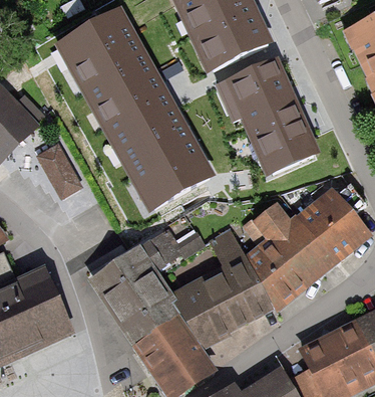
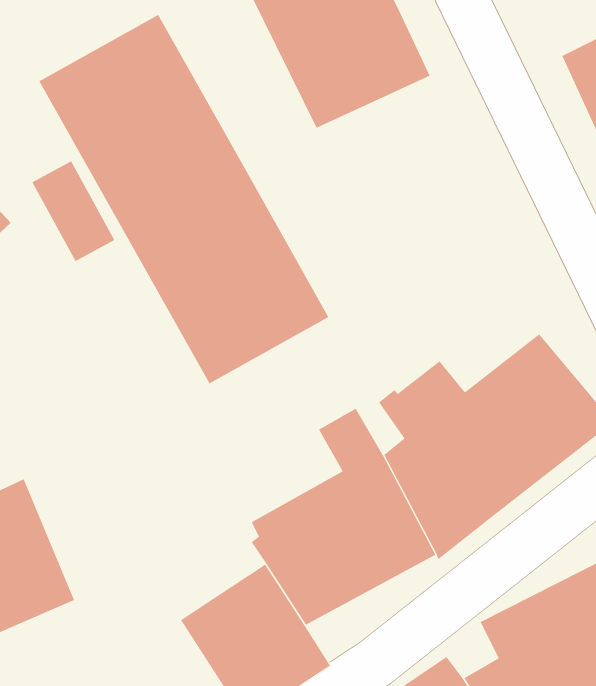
building: [217,57,319,175] -> none
building: [38,142,84,198] -> [32,160,115,262]
building: [89,215,207,345] -> none

